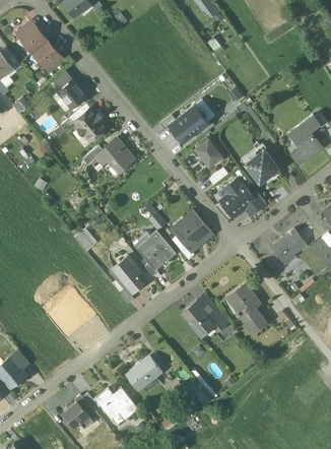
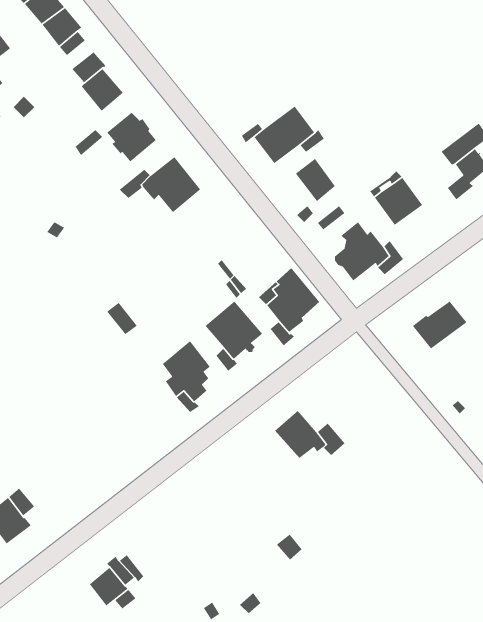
building: [226,281,267,333] -> none
building: [127,356,162,389] -> none
building: [95,387,137,418] -> none

